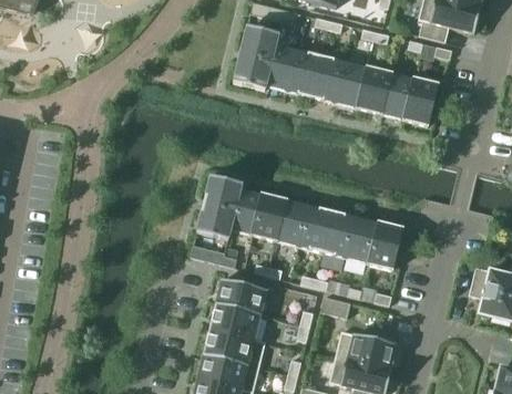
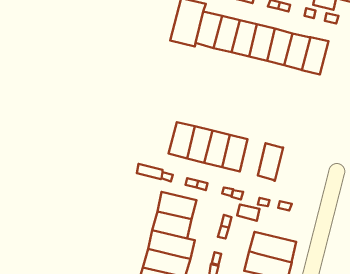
building: [197,176,244,239] -> none
building: [325,210,358,258] -> none
building: [370,221,405,270] -> none

